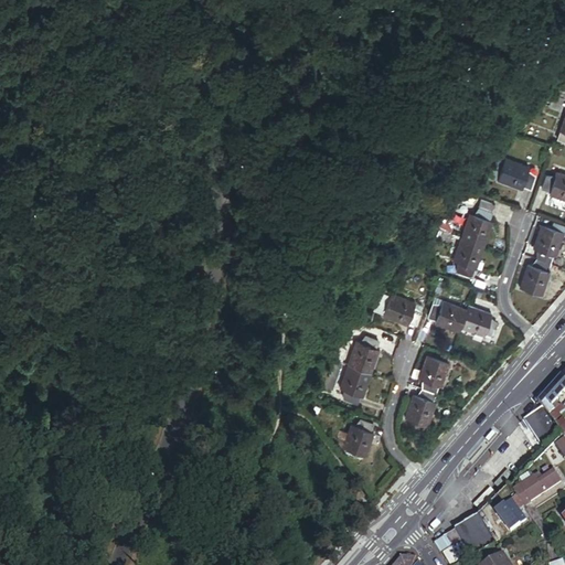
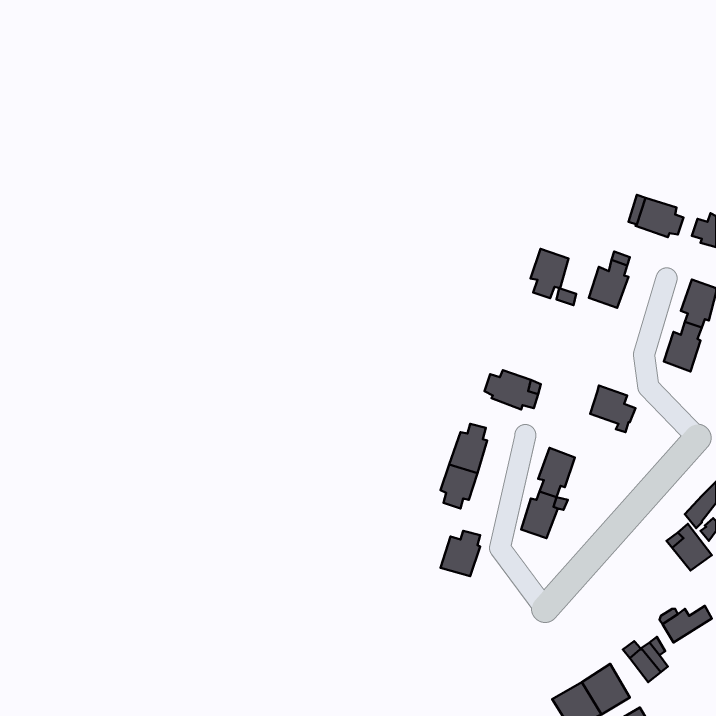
building: [452,237,482,276] -> [530,249,569,298]
building: [429,302,467,332] -> none

